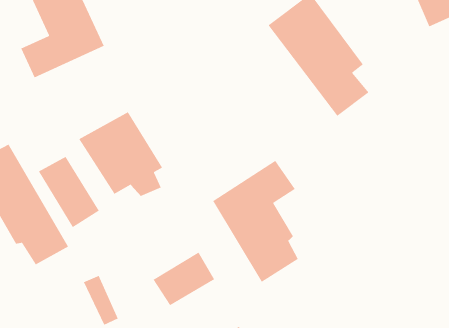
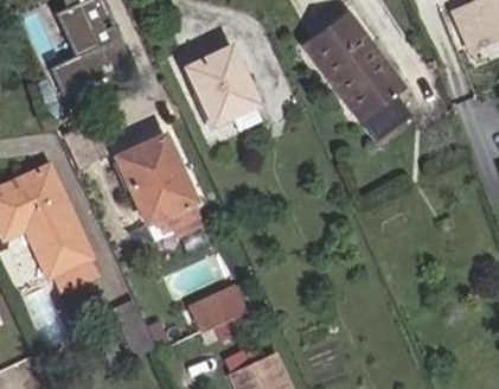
building: none -> [184,46,256,125]
building: [38,156,100,228] -> none
building: [212,160,299,283] -> none

